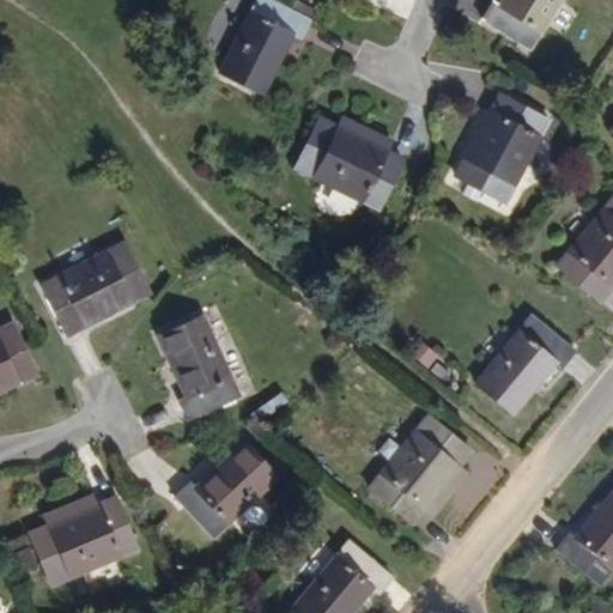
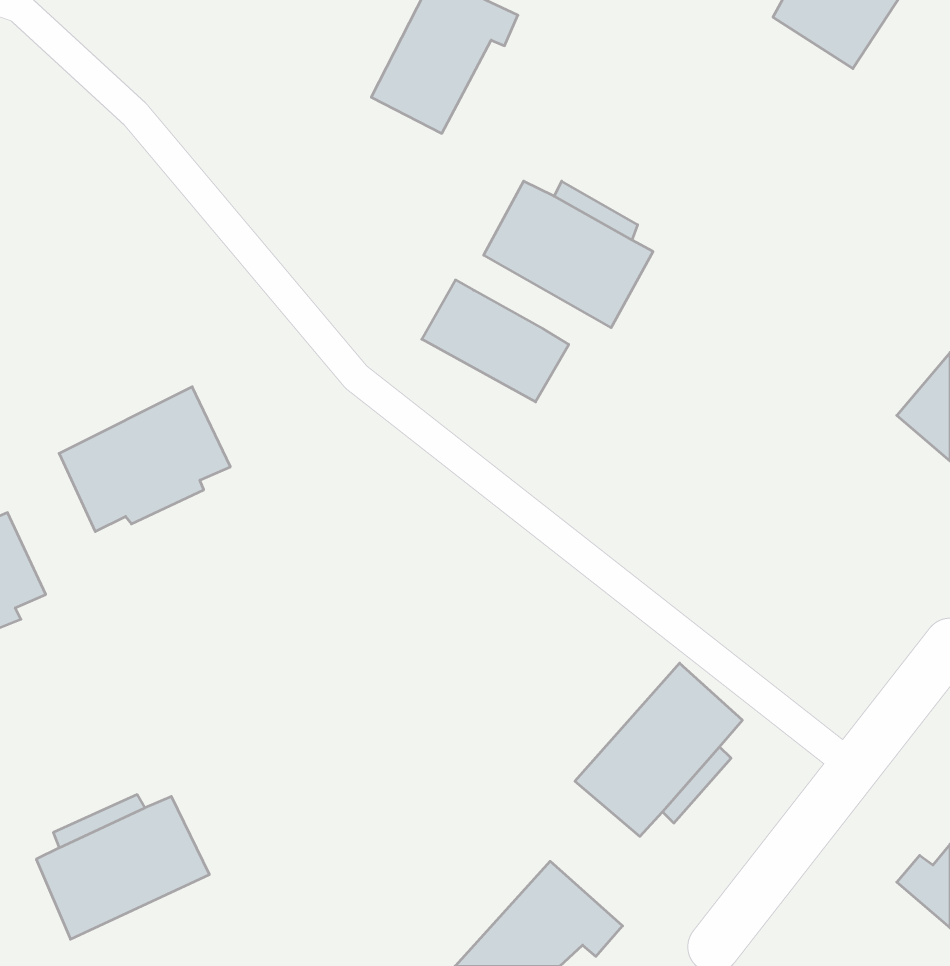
building: [466,91,556,199] -> none
building: none -> [422,280,569,402]
building: [479,312,583,413] -> none
building: [154,323,231,429] -> none
building: [159,444,266,536] -> none

